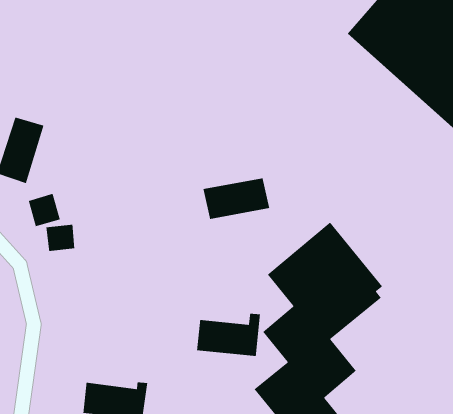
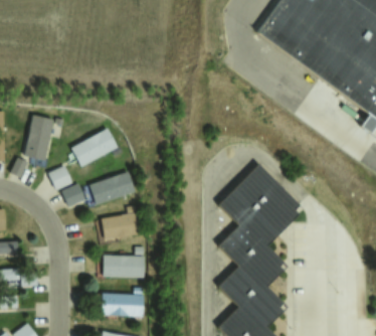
building: none -> [69,128,119,167]
building: [203,177,270,220] -> [87,172,136,205]
building: none -> [100,206,141,239]
building: [196,313,261,357] -> [102,247,144,278]

